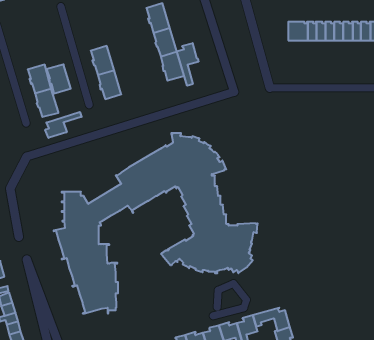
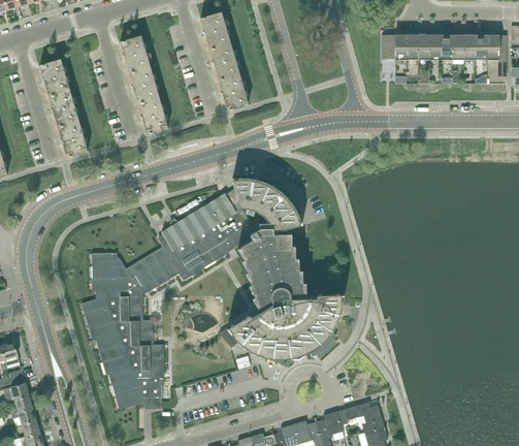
building: none -> [120,35,150,72]
building: [177,43,198,86] -> none
building: [47,64,71,93] -> [39,59,70,96]
building: [45,112,82,138] -> none

